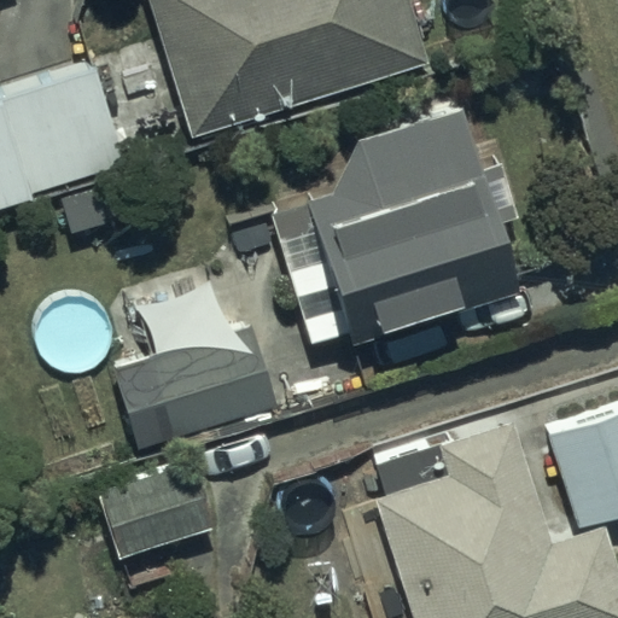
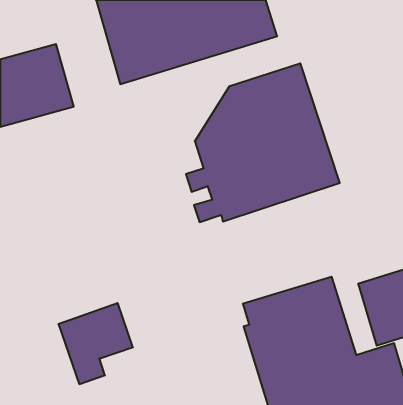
building: [128,323,273,438] -> none

